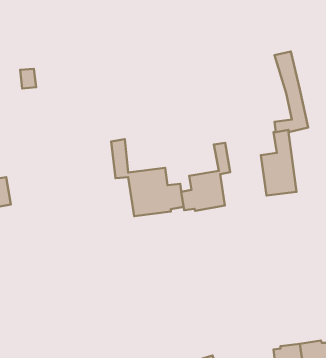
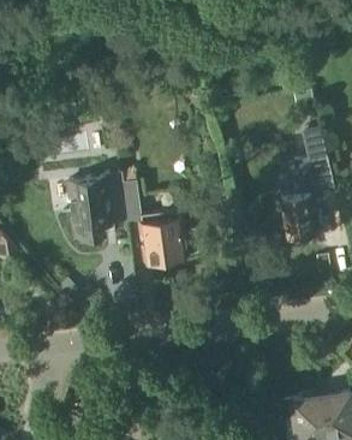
building: none -> [67,176,126,239]
building: [181,143,230,211] -> none

